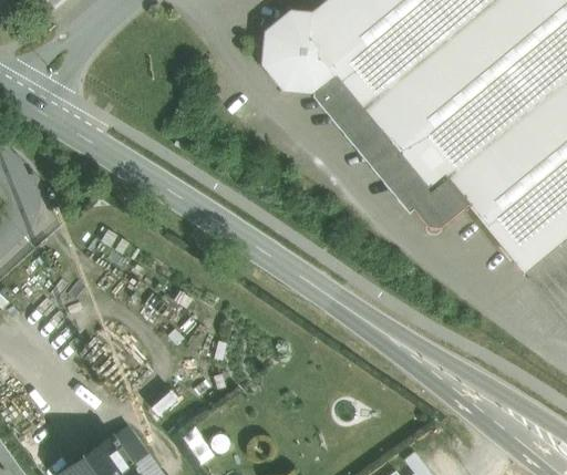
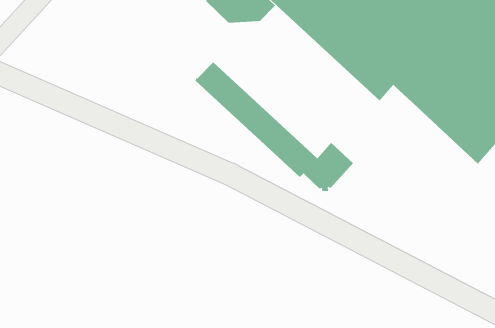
building: [313,78,468,230] -> [195,62,354,192]

